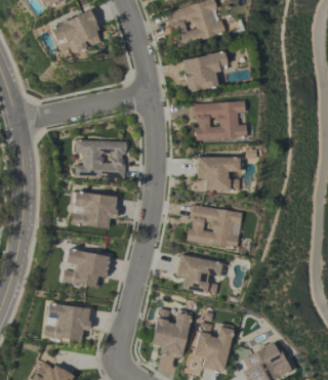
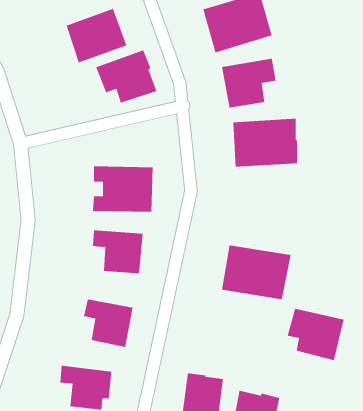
building: none -> [96,50,157,104]
building: [195,158,237,189] -> none
building: [172,253,219,296] -> [287,308,345,361]

